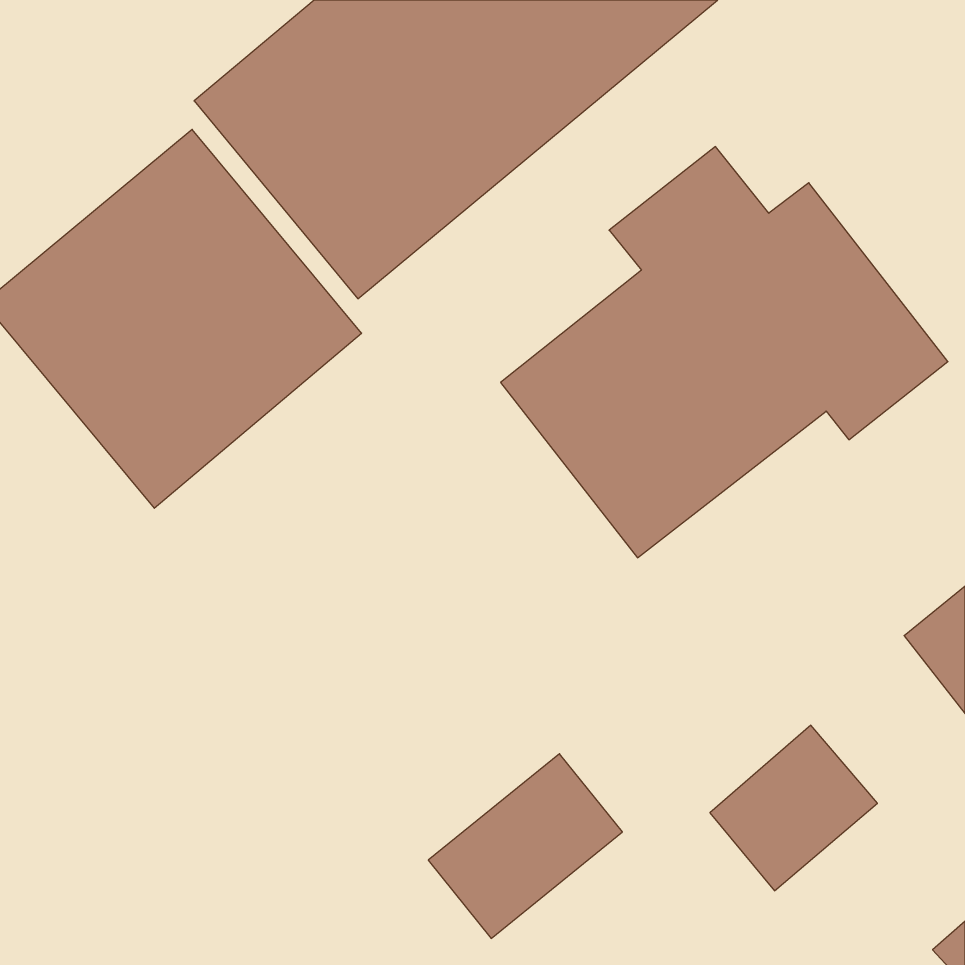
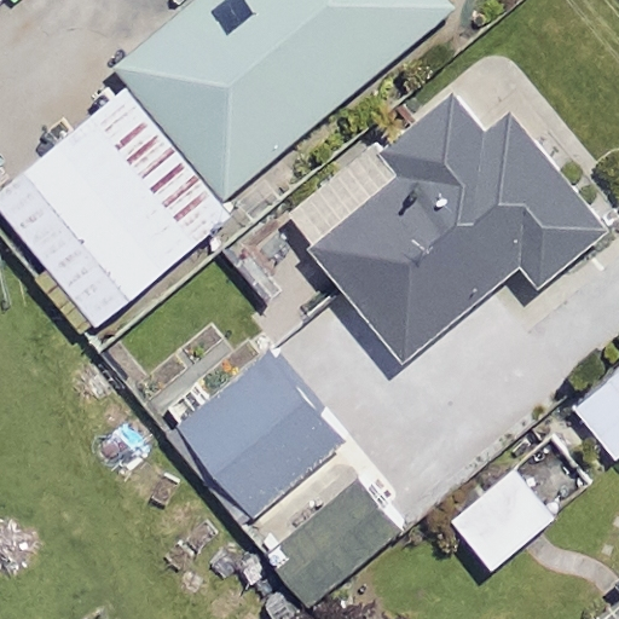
building: none -> [163,352,337,525]

